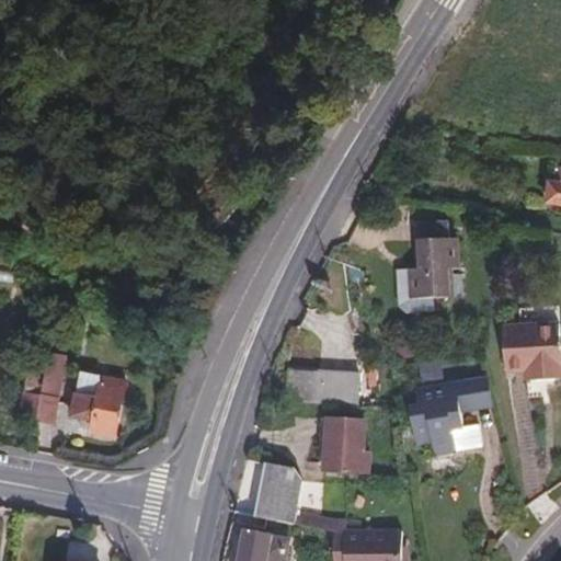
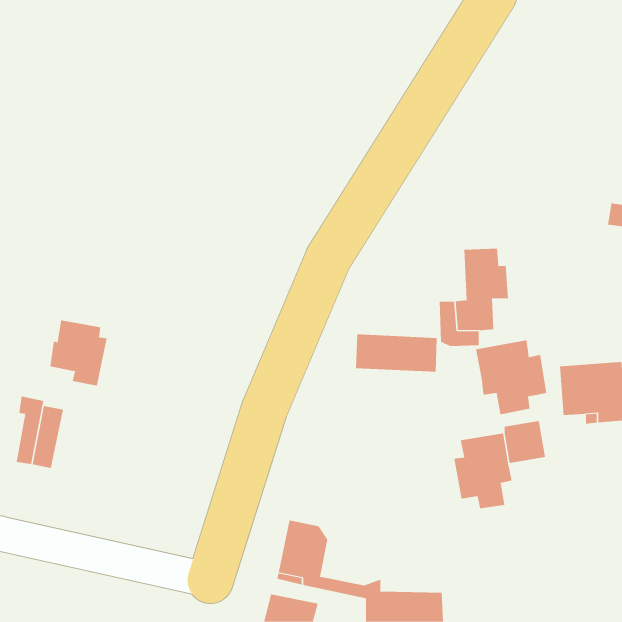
building: none -> [475,340,547,415]
building: [286,368,359,402] -> [355,334,438,372]
building: [72,373,124,432] -> [50,320,107,386]
building: [323,420,370,474] -> none

